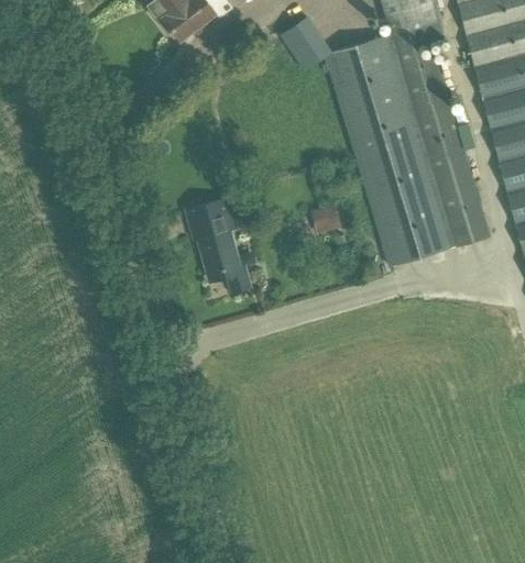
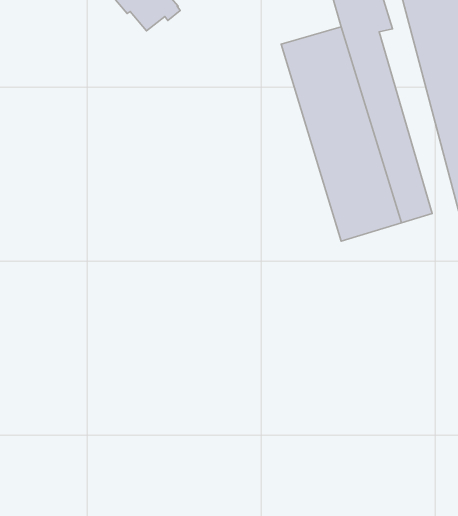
building: [283,22,324,68] -> none
building: [186,197,252,291] -> none
building: [309,202,339,232] -> none

